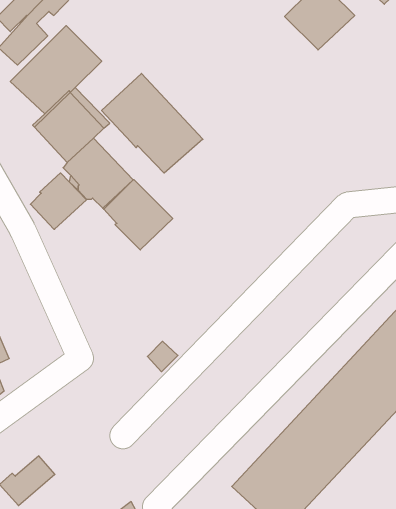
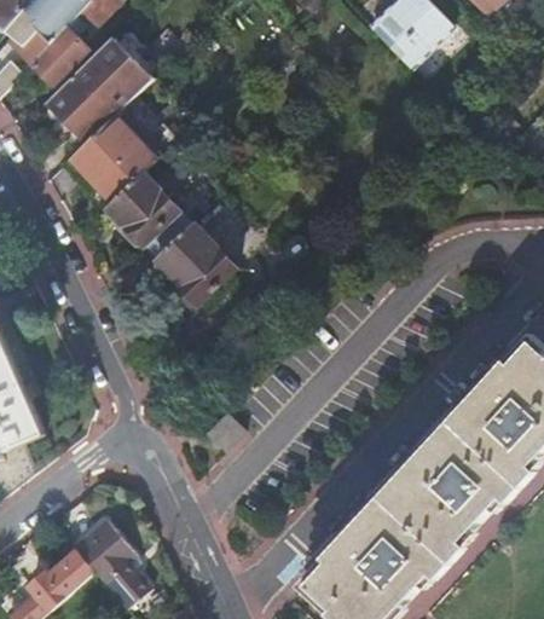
building: [102,73,203,173] -> none
building: [30,173,86,229] -> none
building: none -> [71,516,147,606]

